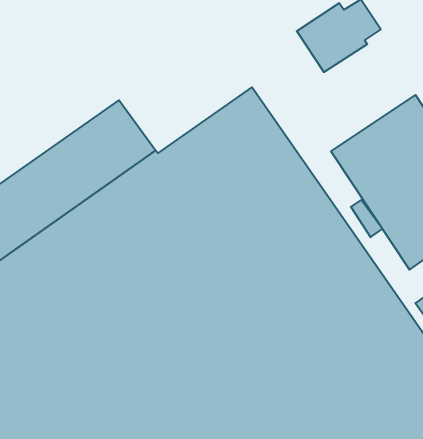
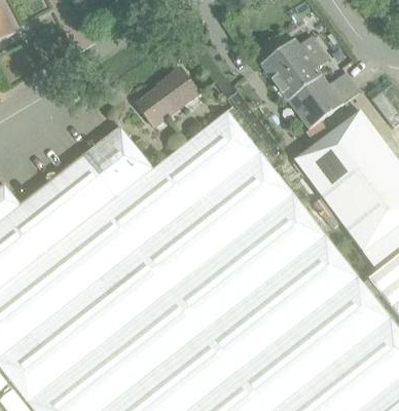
building: none -> [137,71,197,128]
building: none -> [285,72,359,129]

